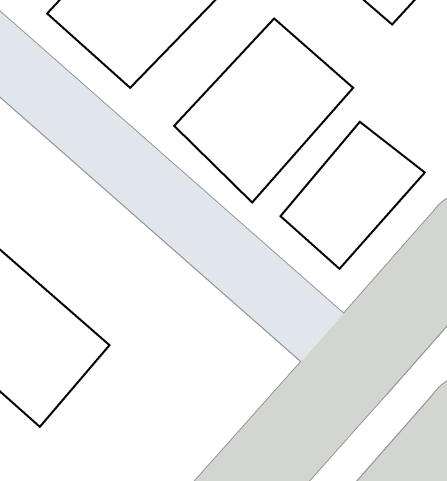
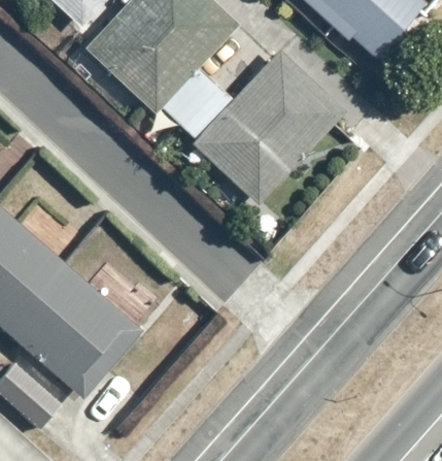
building: [280,122,425,269] -> none

